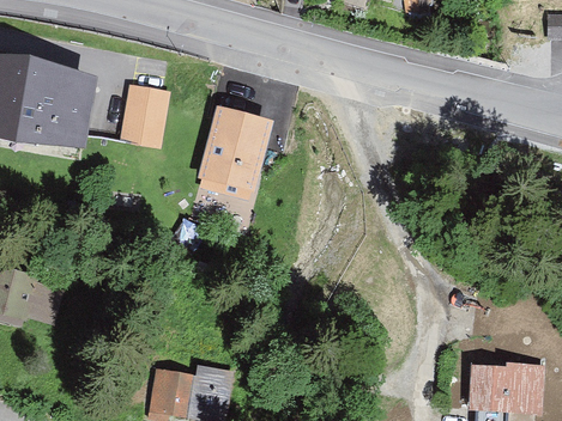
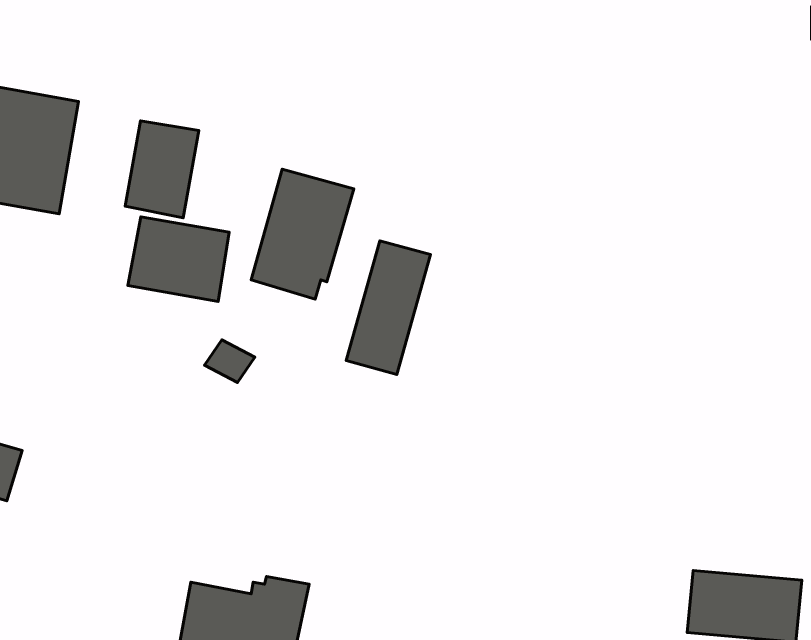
building: none -> [128,217,229,302]
building: none -> [346,241,431,374]

